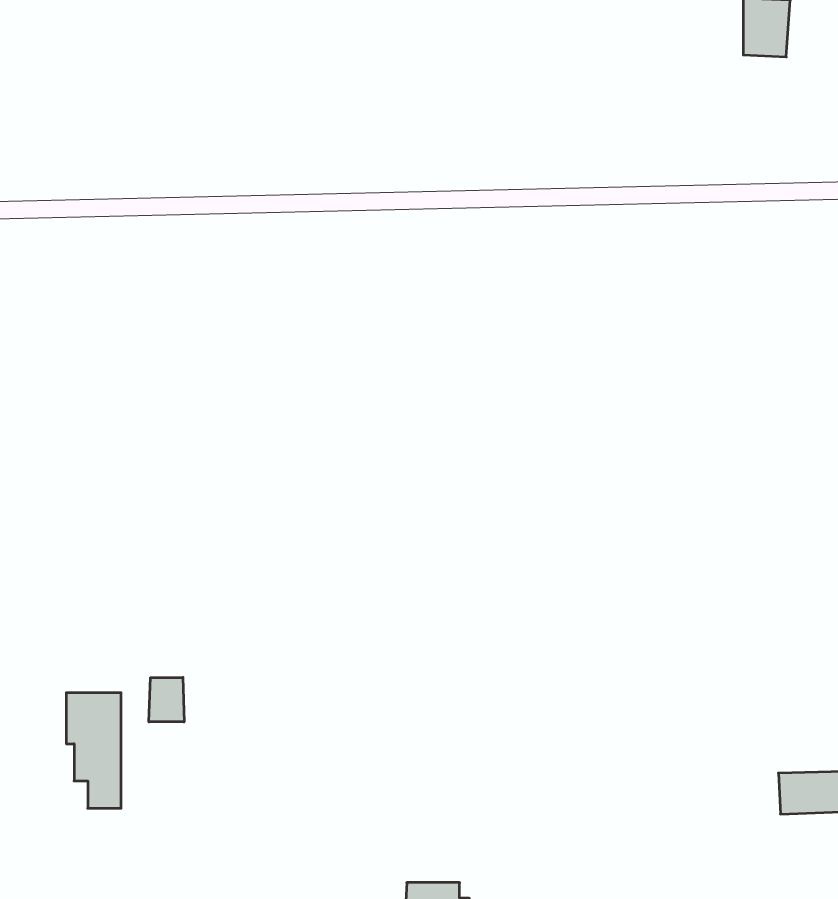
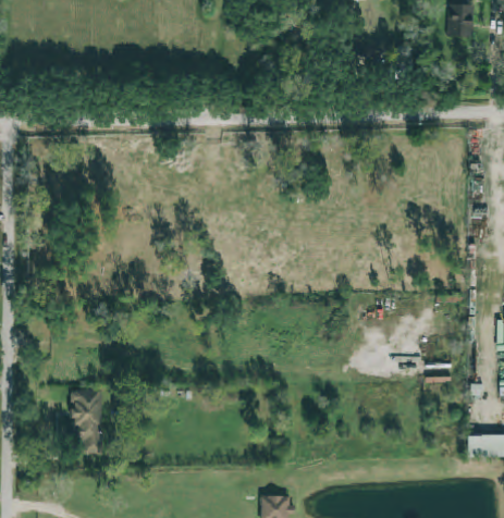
building: [149,677,184,722] -> none

